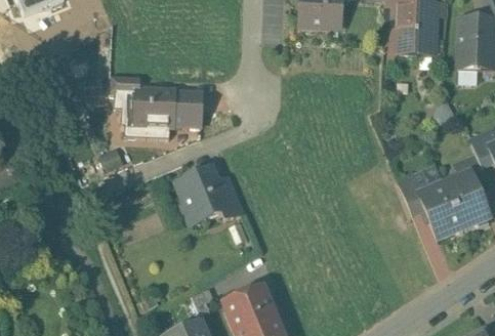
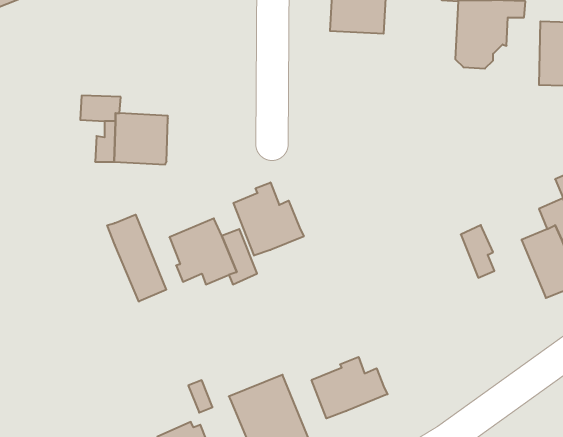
building: [175,91,202,125] -> none
building: none -> [233,182,304,256]
building: none -> [107,215,166,302]
building: [419,183,463,239] -> none
building: none -> [312,357,388,418]

